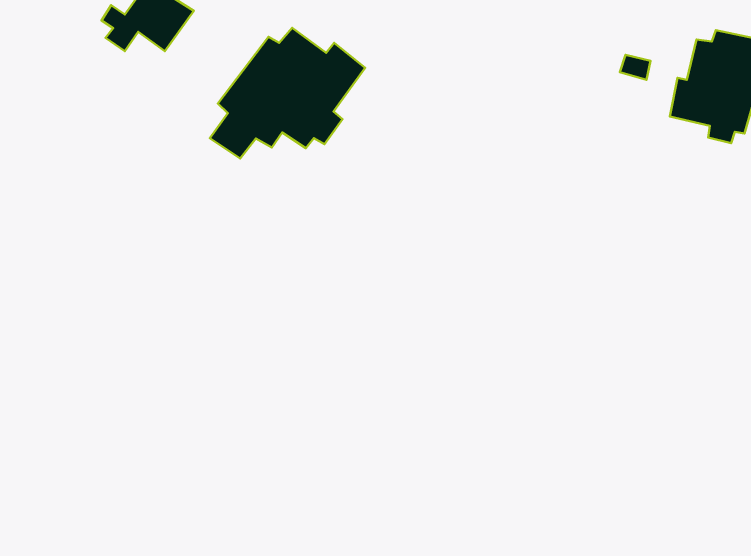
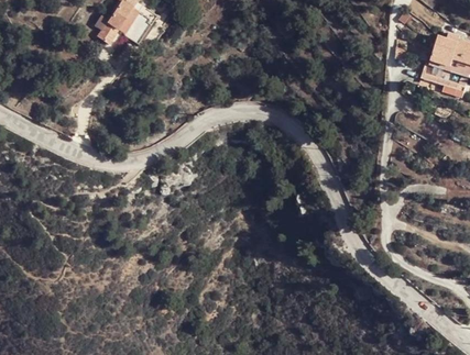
building: [210,28,365,158] -> none

